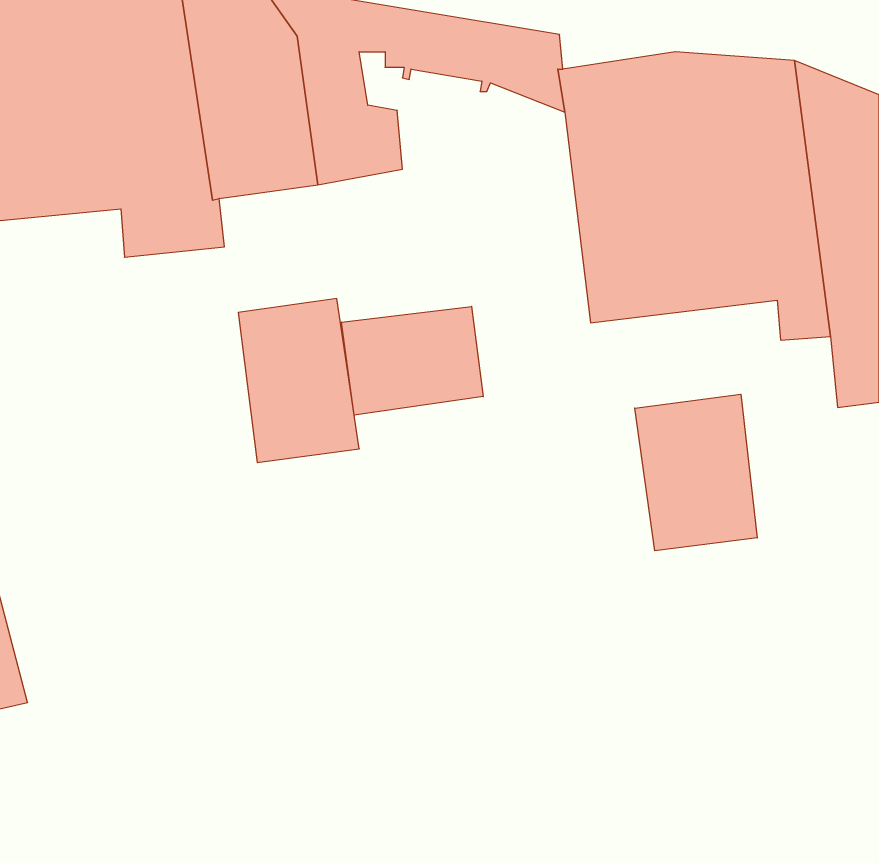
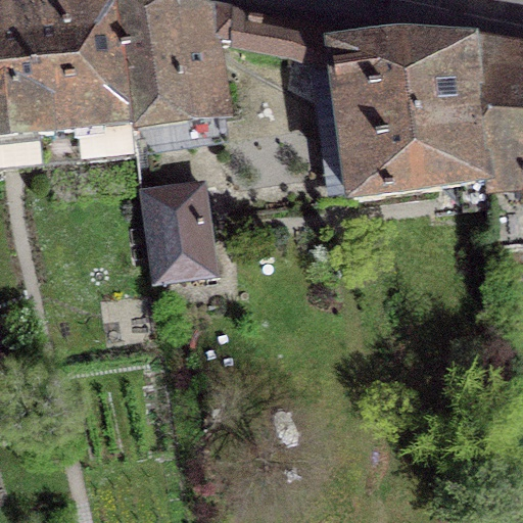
building: [342,306,483,415] -> none
building: [635,394,757,551] -> none

